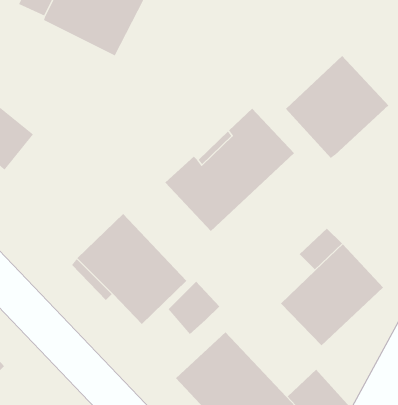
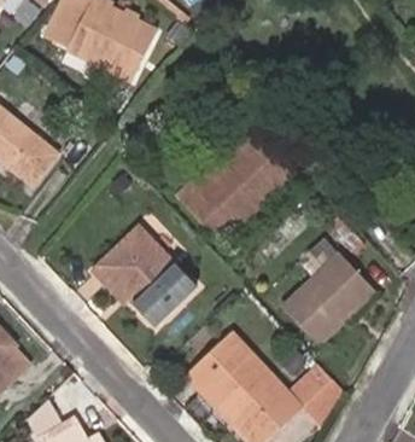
building: [285,55,390,159] -> none
building: [168,281,220,335] -> none

